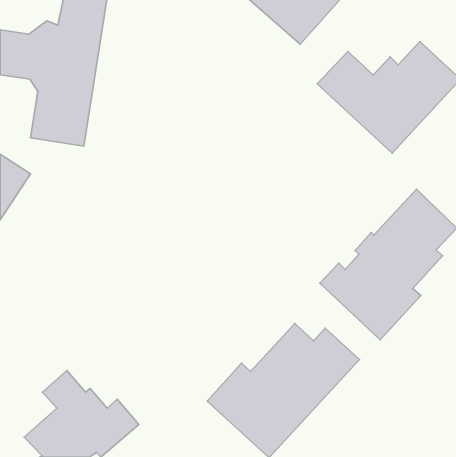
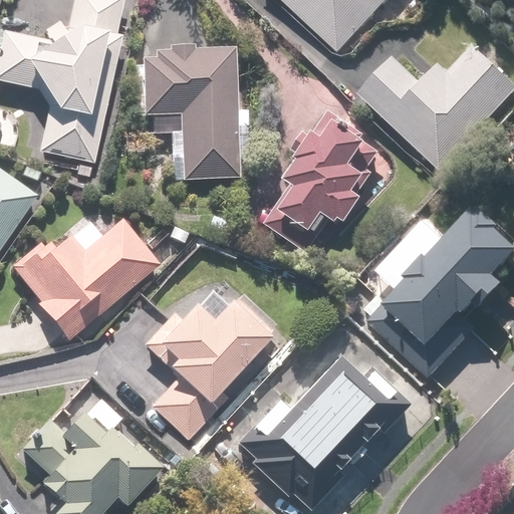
building: none -> [139,49,234,180]
building: none -> [266,109,364,252]
building: none -> [13,216,159,342]
building: none -> [143,275,281,438]

